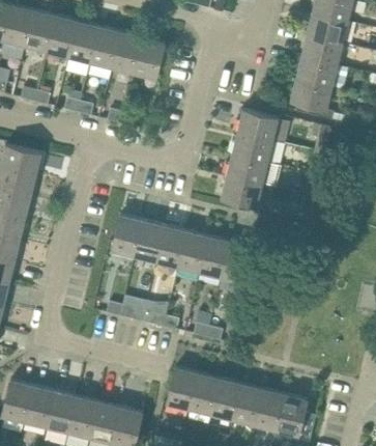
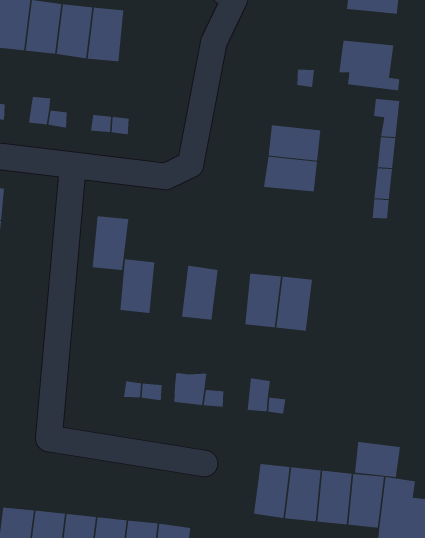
building: [135,37,166,79] -> none
building: [296,57,338,87] -> none
building: [237,110,290,144] -> none
building: [221,176,262,207] -> none
building: [134,220,165,261] -> [92,216,129,271]
building: [177,231,208,273] -> none
building: none -> [354,441,400,478]
building: [167,367,198,409] -> none

